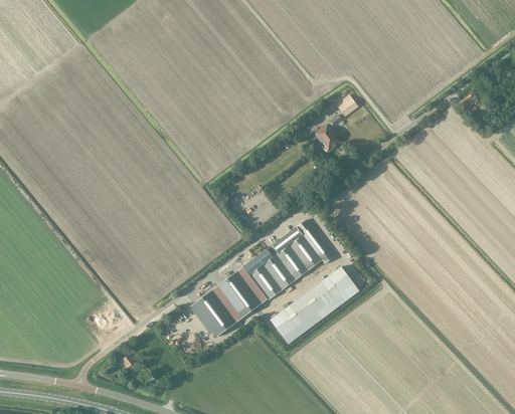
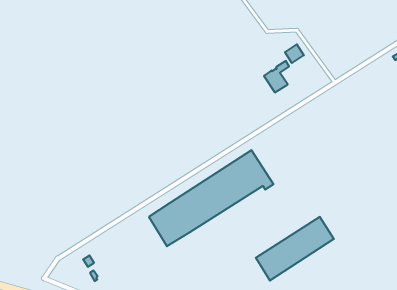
building: [271,266,359,344] -> [256,217,334,281]

